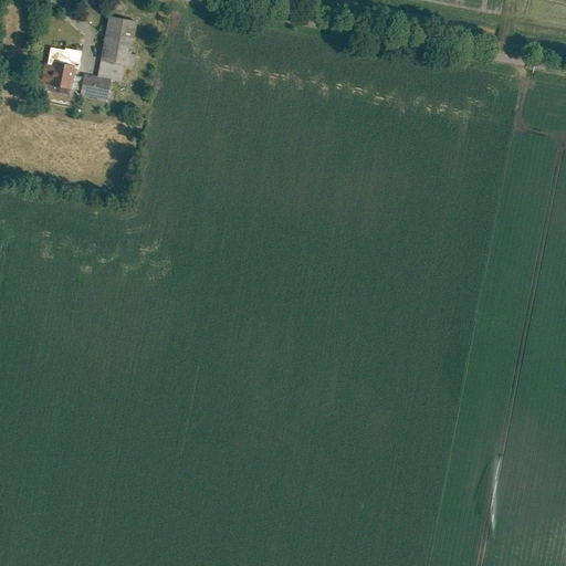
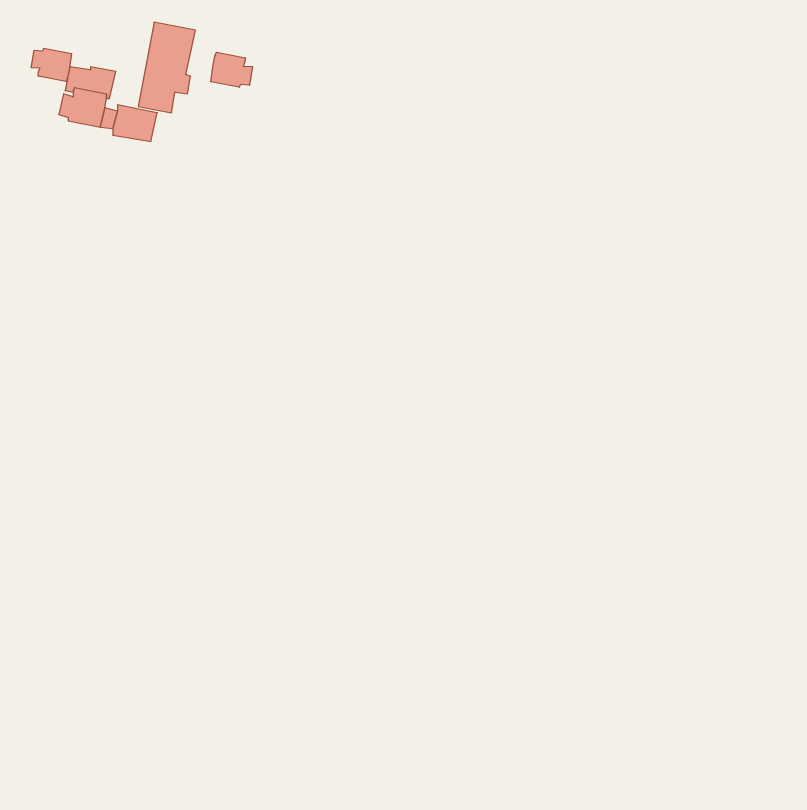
building: none -> [31,48,72,81]
building: none -> [211,52,252,87]

